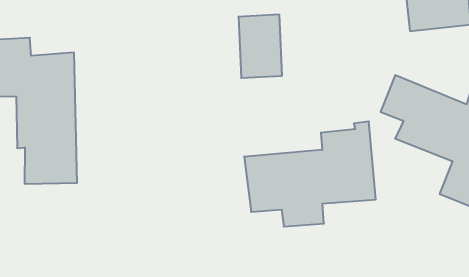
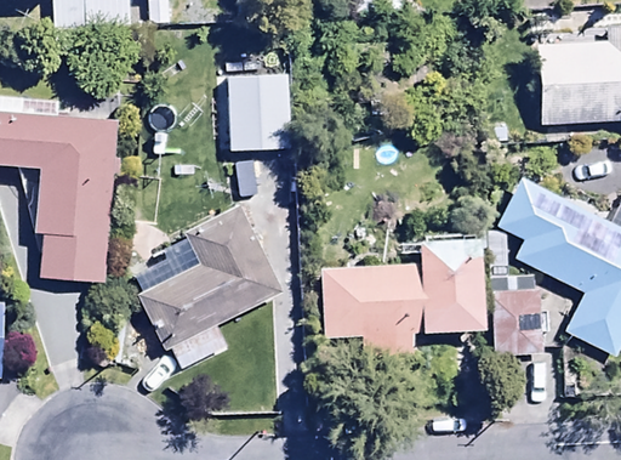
building: [238,15,282,78] -> [241,89,296,167]
building: none -> [135,204,281,364]
building: none -> [492,276,540,353]

